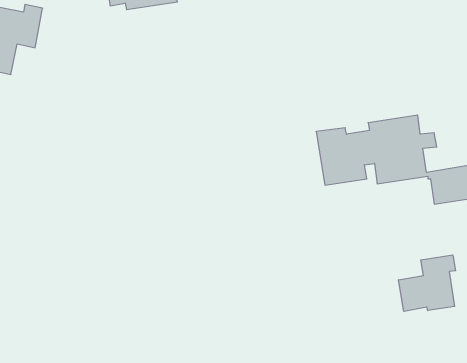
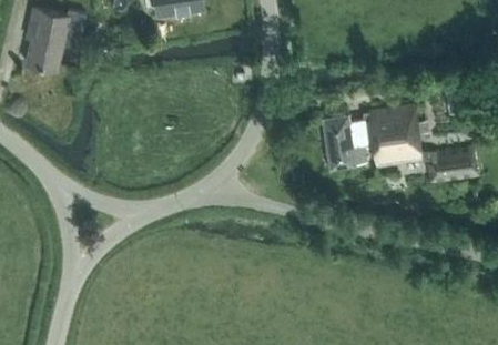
building: [399,255,456,311] -> none

